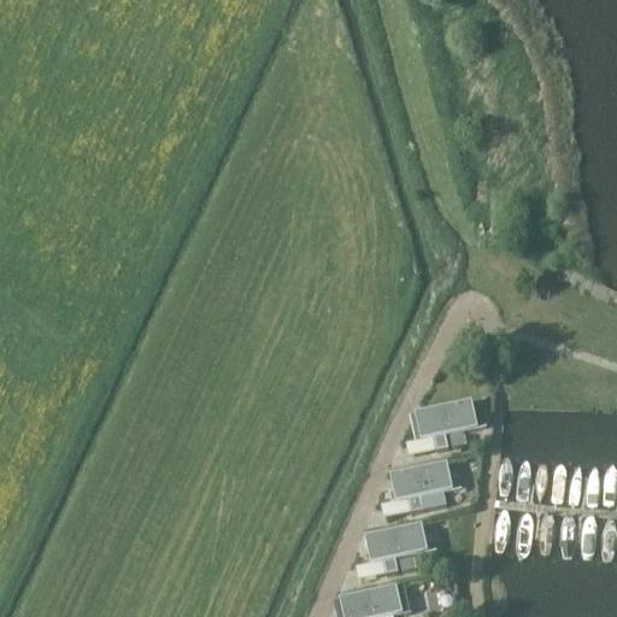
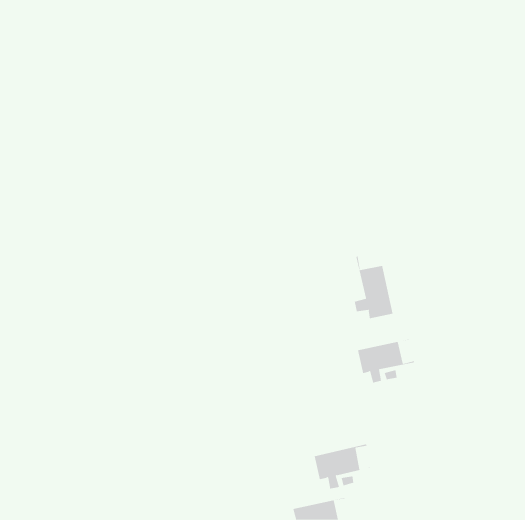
building: none -> [354,251,393,319]
building: [393,458,460,511] -> none

